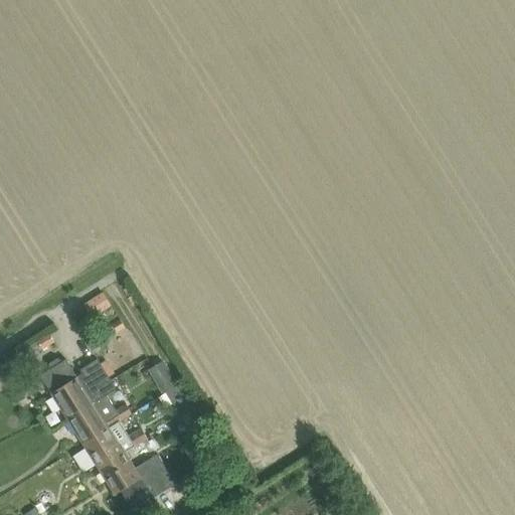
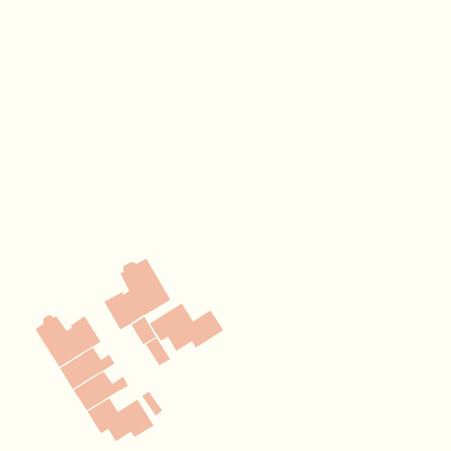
building: none -> [103,258,171,330]
building: none -> [149,302,224,352]

